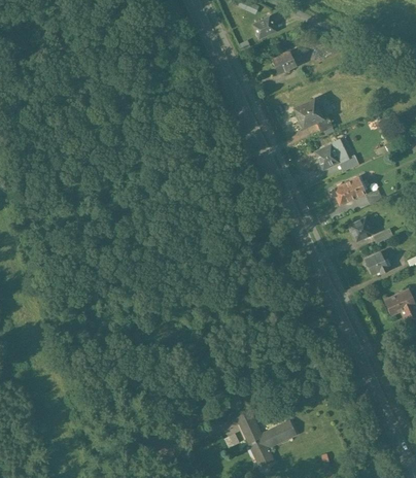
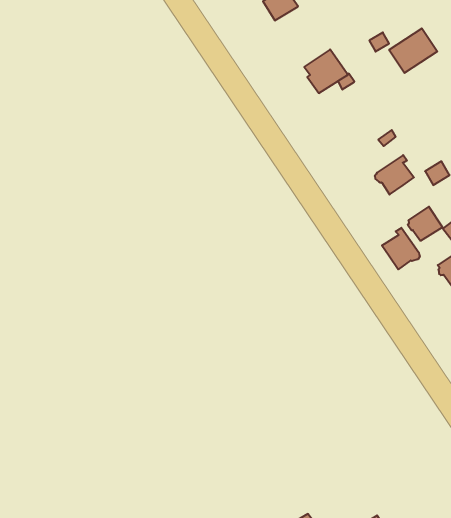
building: [315,139,348,168] -> [389,28,437,73]
building: none -> [382,228,420,269]

